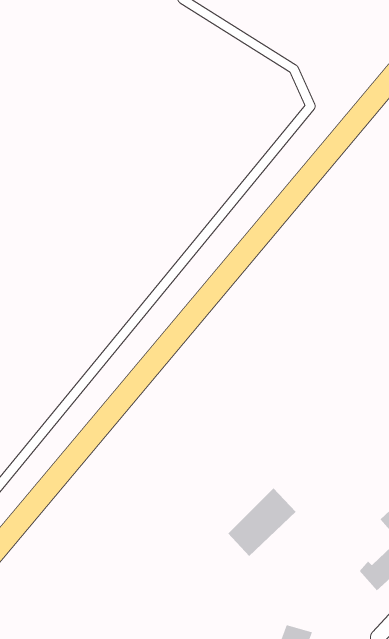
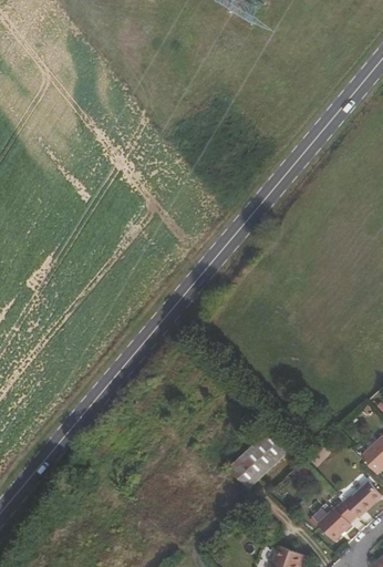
building: none -> [317,505,351,538]

